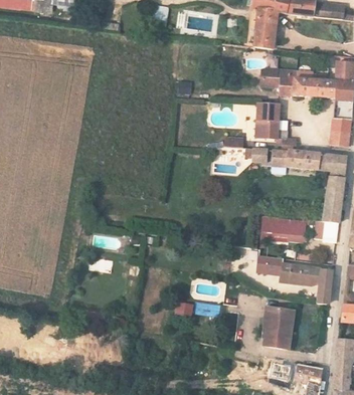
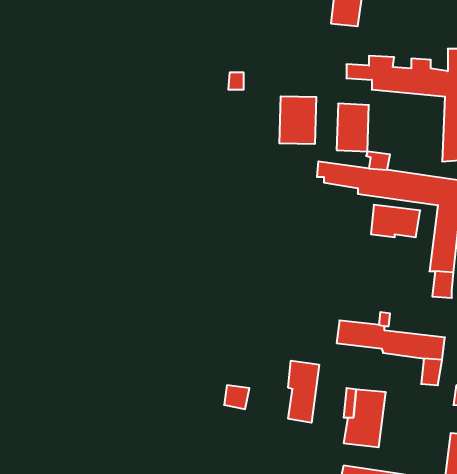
building: none -> [279,96,316,144]
building: [271,217,306,240] -> [371,205,420,237]
building: none -> [288,361,319,423]

